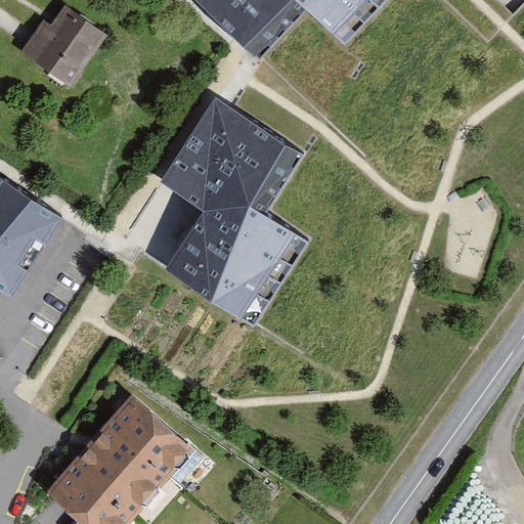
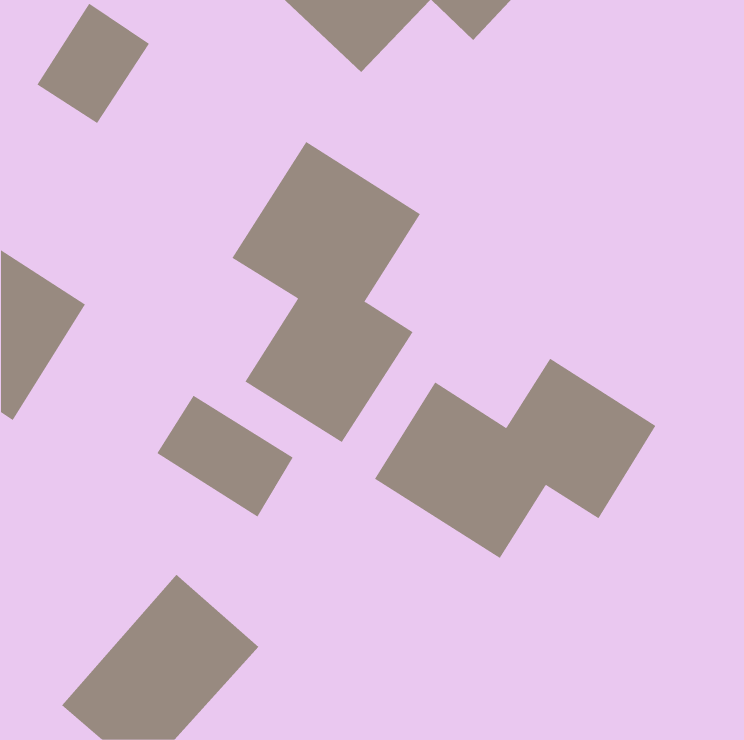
building: none -> [374,358,656,559]
building: none -> [156,395,294,517]

